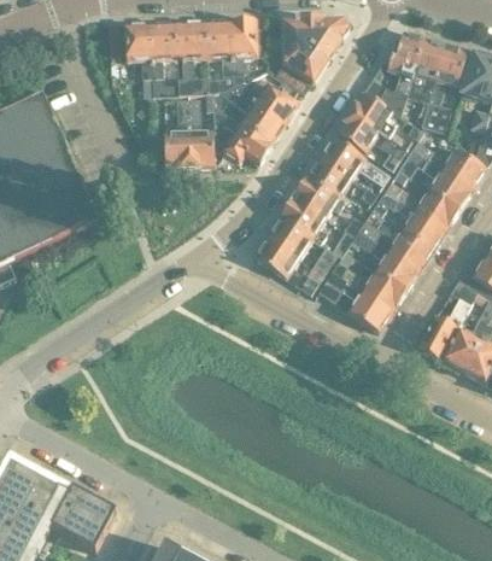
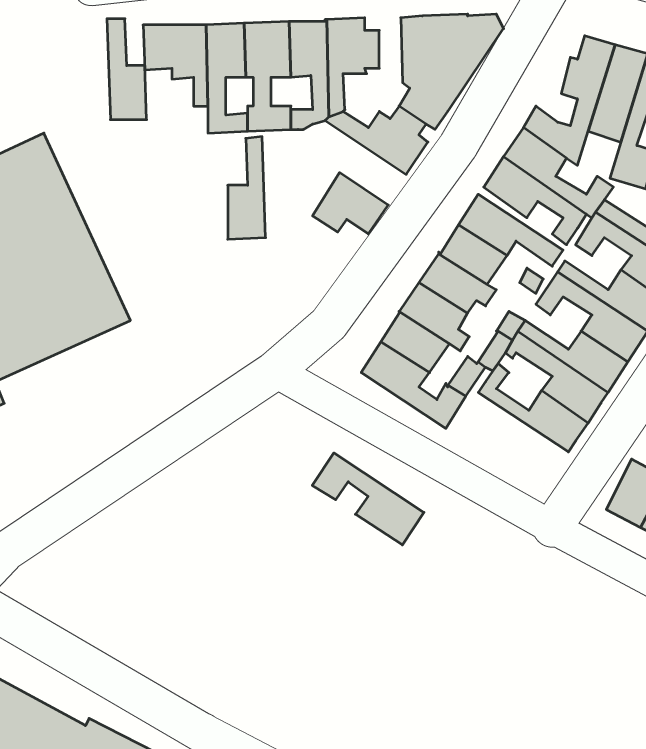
building: [212,87,285,144] -> none
building: [188,98,215,165] -> [107,19,147,120]
building: [318,269,393,331] -> [312,453,424,545]

